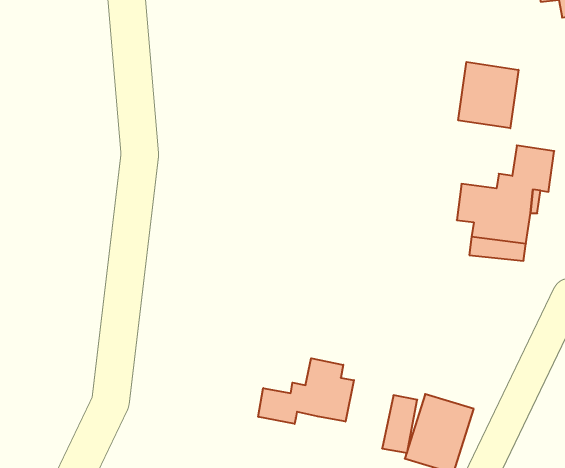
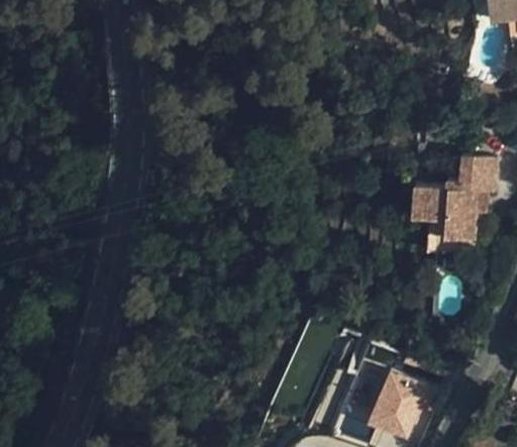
building: [458,62,518,128] -> none
building: [258,358,354,424] -> none

